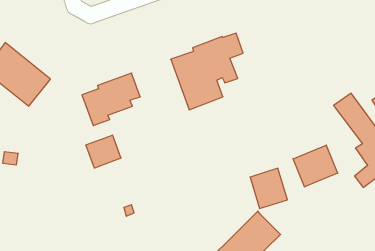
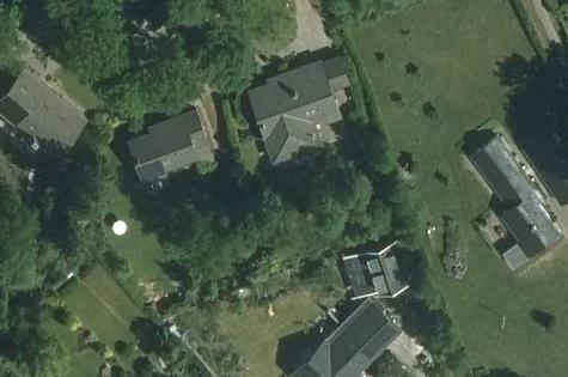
building: [86,135,121,168] -> none
building: [293,145,338,187] -> none

